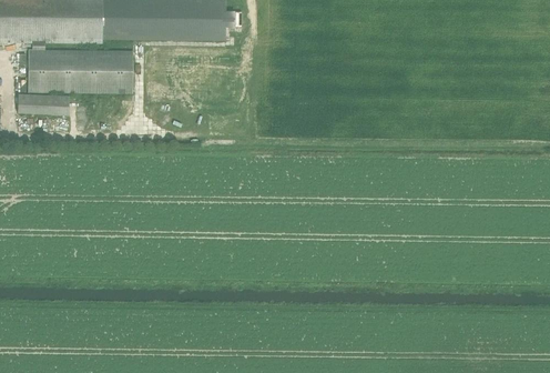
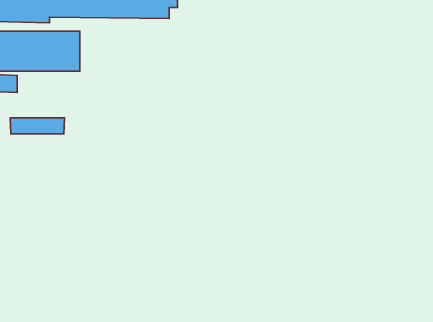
building: none -> [10,118,65,134]

